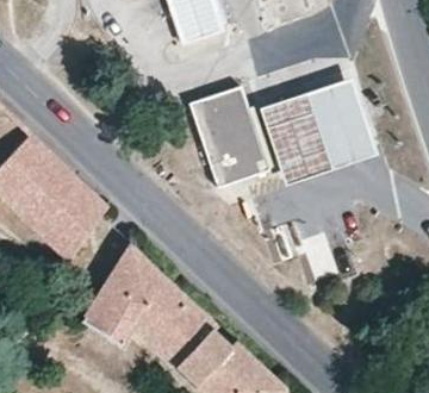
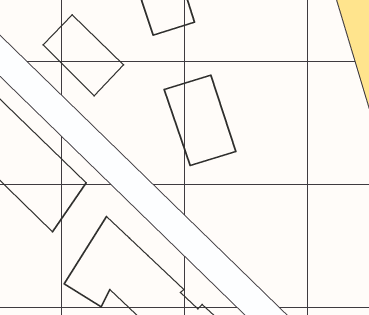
building: none -> [43,15,124,96]
building: [260,76,380,185] -> none

